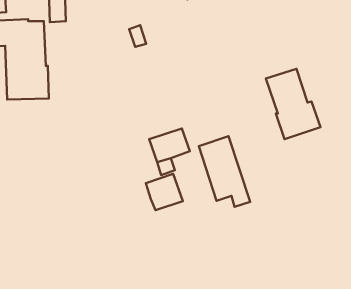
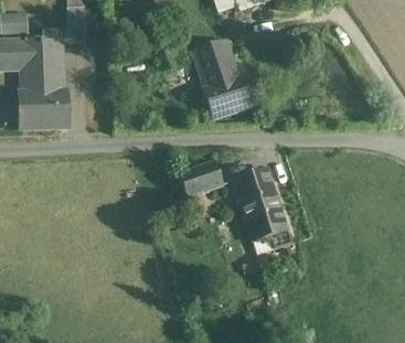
building: [266,69,320,139] -> [191,39,252,117]
building: [146,174,183,210] -> none

